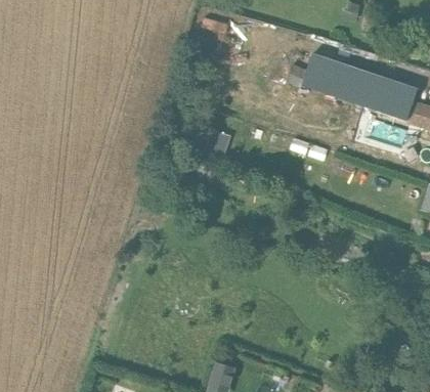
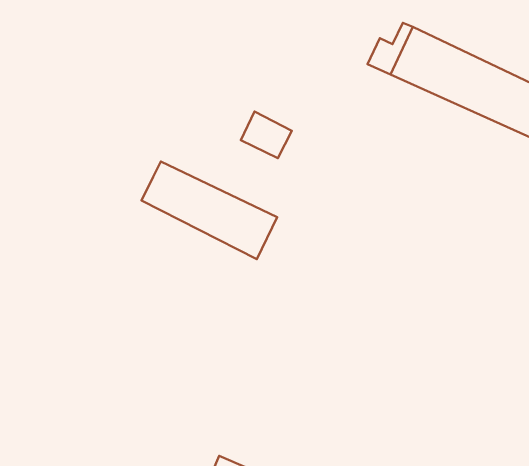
building: none -> [141,161,277,259]

